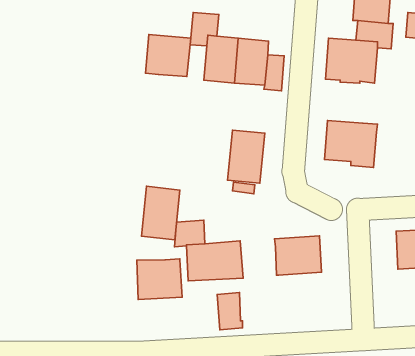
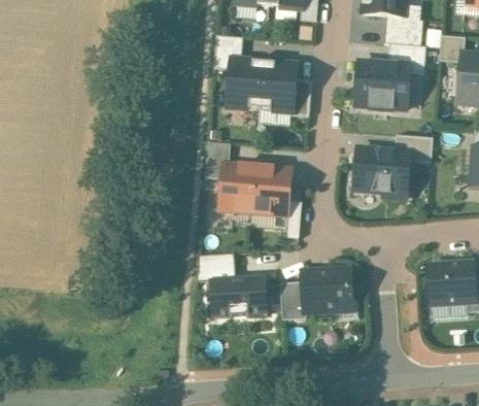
building: [146,35,191,77] -> none
building: none -> [395,136,433,164]
building: [141,186,180,240] -> [217,156,258,212]
building: [137,259,182,300] -> none
building: [217,293,243,330] -> [279,282,306,322]

